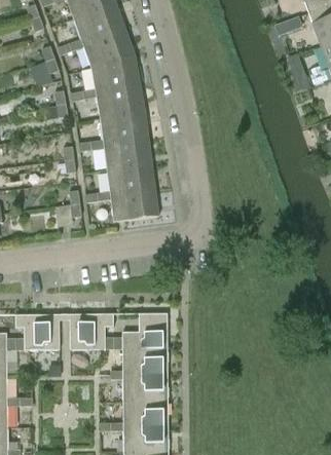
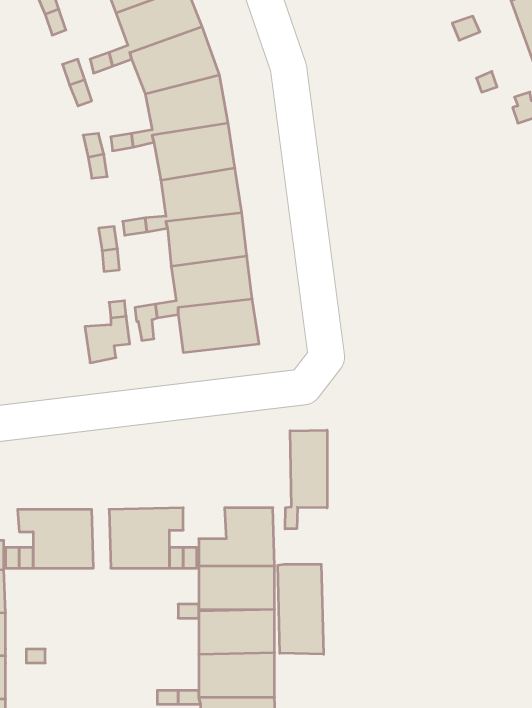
building: none -> [285,430,327,529]
building: none -> [278,564,324,654]

